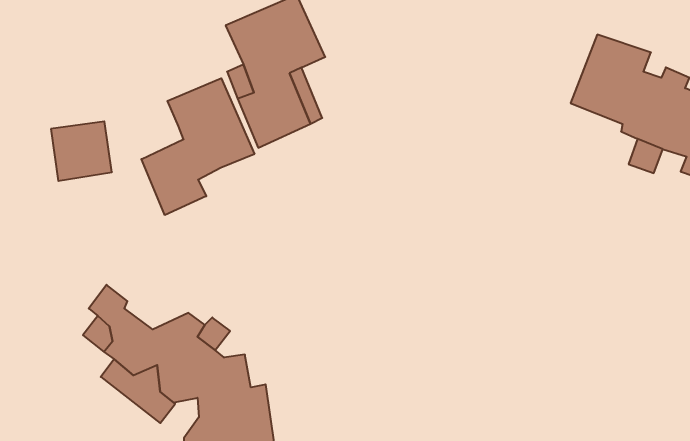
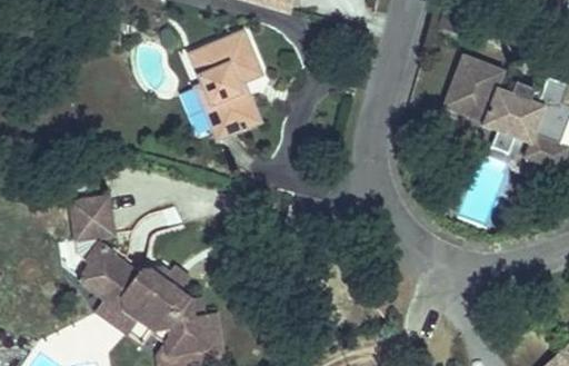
building: [141,78,254,215] -> none
building: [51,121,112,181] -> [68,197,113,241]

